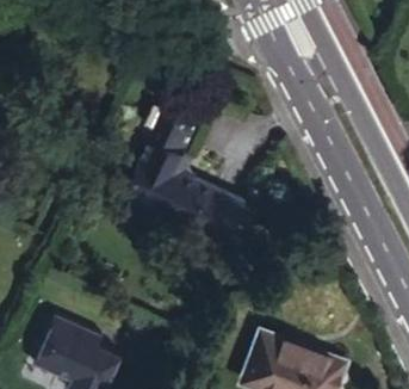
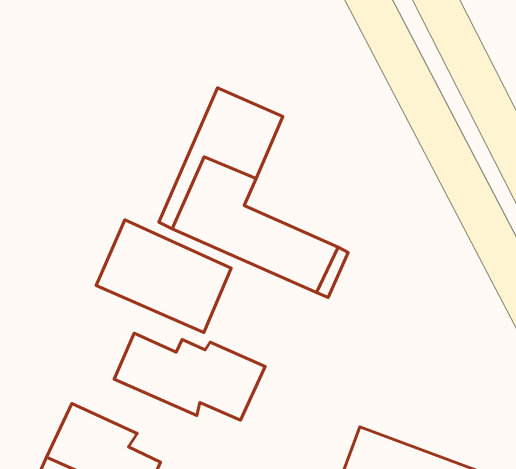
building: none -> [96,220,231,333]
building: none -> [114,333,265,420]

